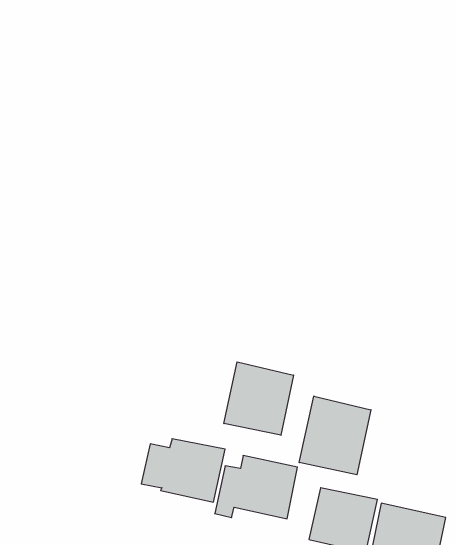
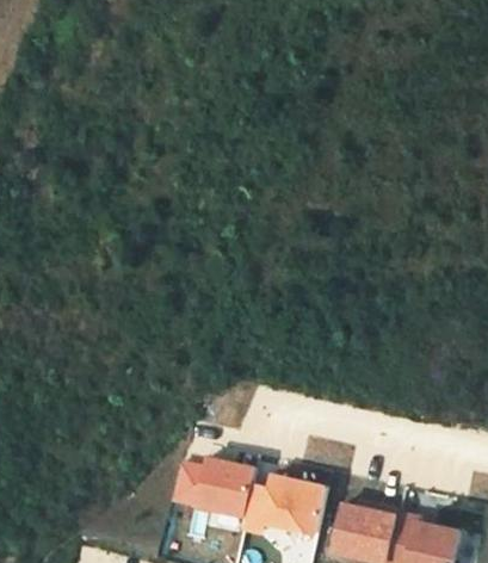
building: [224,362,293,435] -> none
building: [299,396,371,475] -> none

